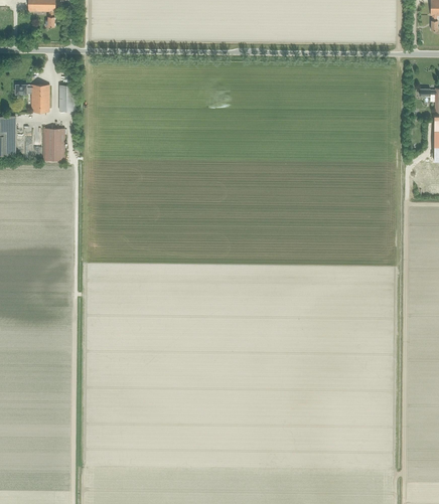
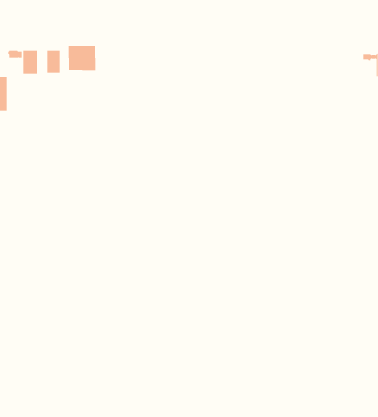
building: none -> [68,45,96,71]
building: [42,128,64,160] -> none

